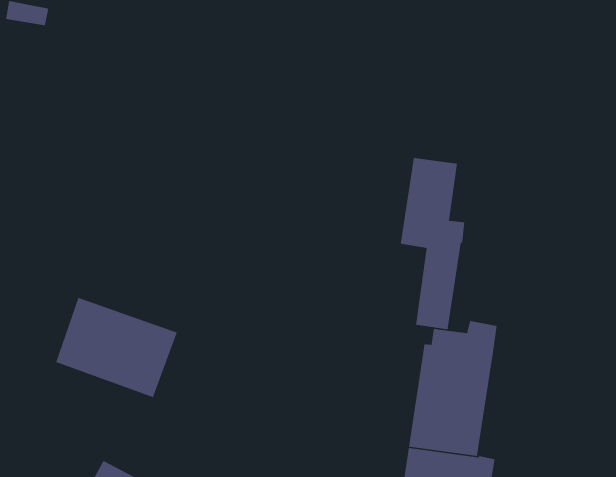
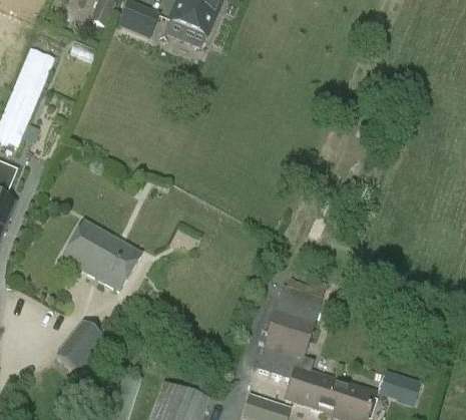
building: [400,157,465,330] -> none

